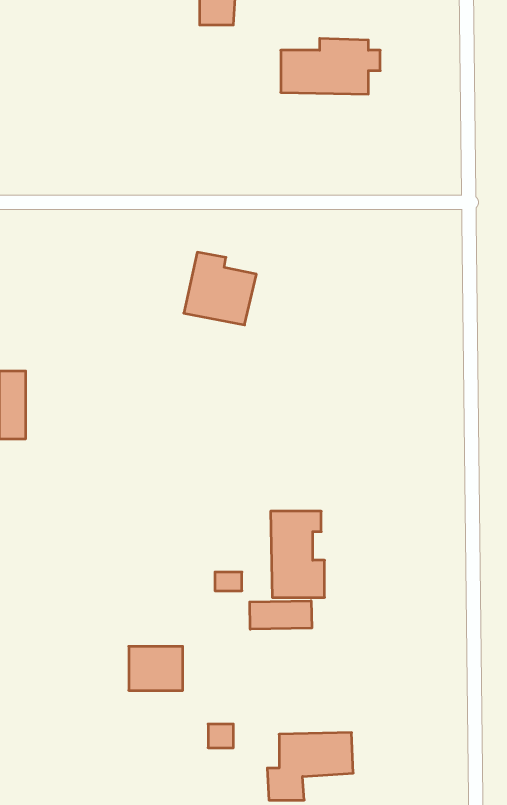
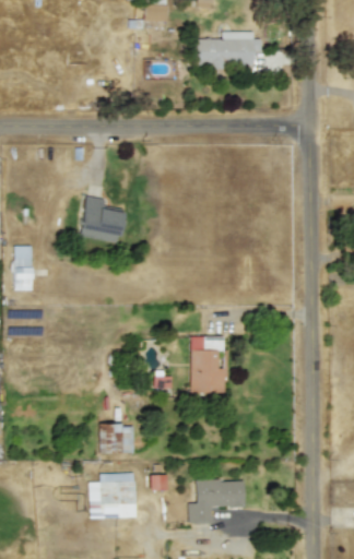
building: [184,252,256,325] -> [79,197,126,243]
building: [250,601,312,629] -> none
building: none -> [90,474,135,519]

